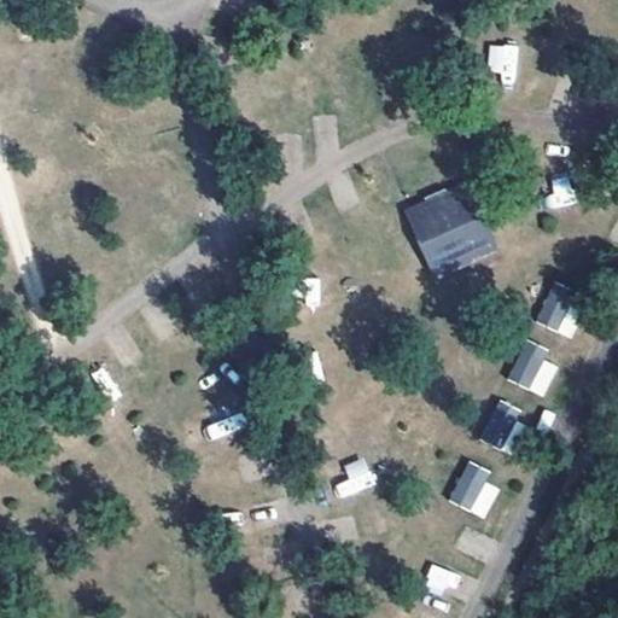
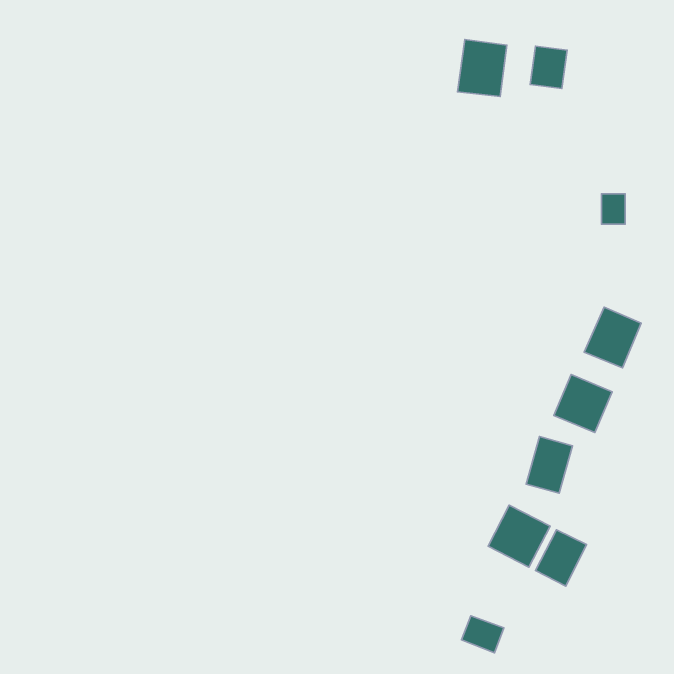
building: none -> [458,39,507,96]
building: [406,185,488,266] -> none
building: none -> [535,530,586,586]

